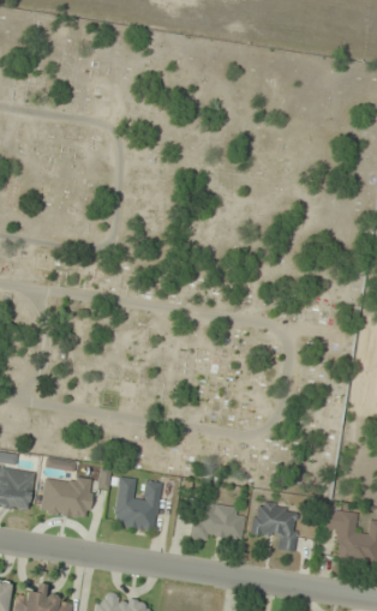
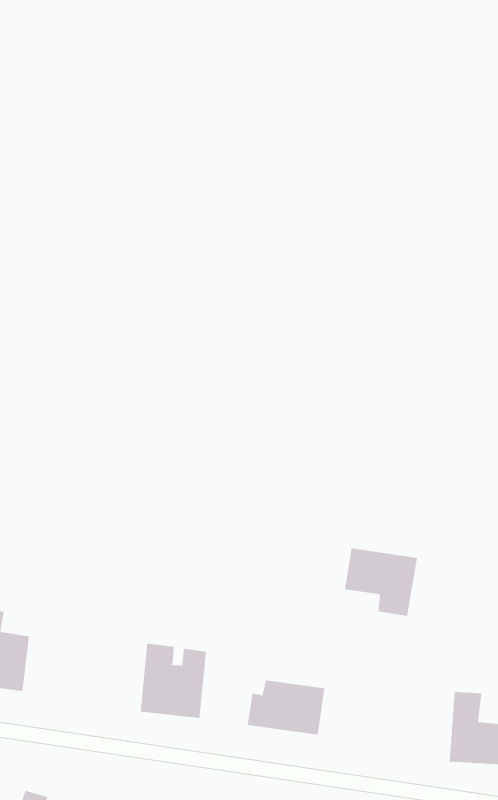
building: [42,478,91,516] -> none
building: [249,503,301,552] -> [344,548,418,616]

